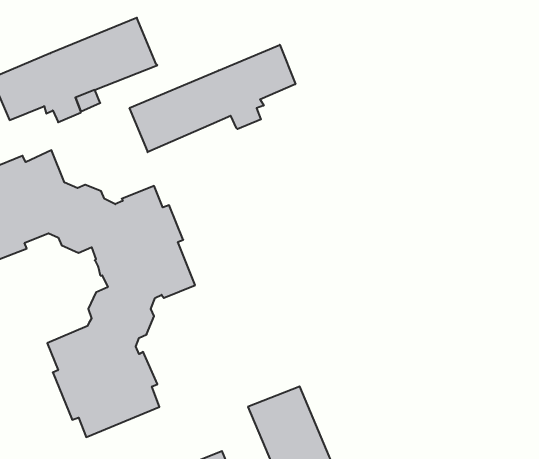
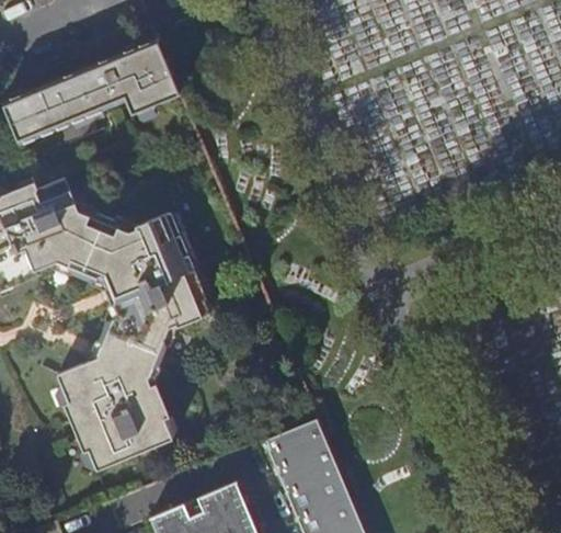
building: [130,45,295,152] -> none

